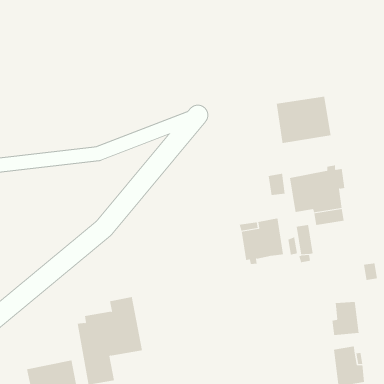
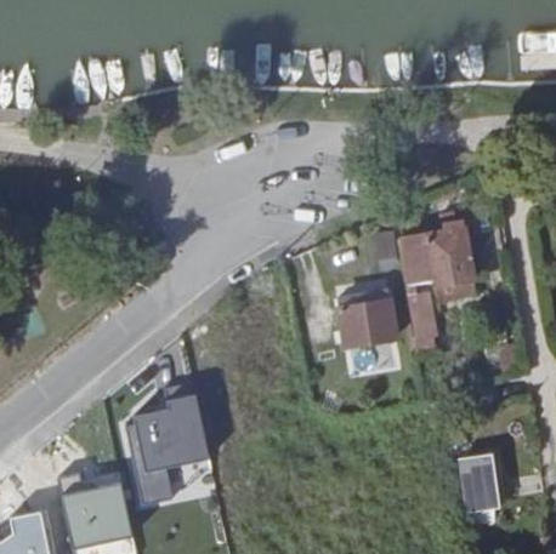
building: [276,96,331,144] -> none
building: [332,301,359,336] -> none

